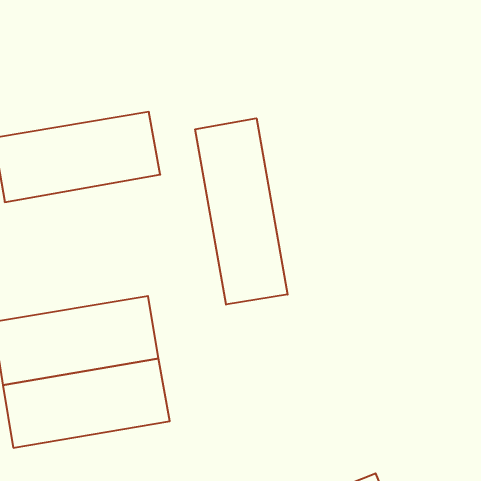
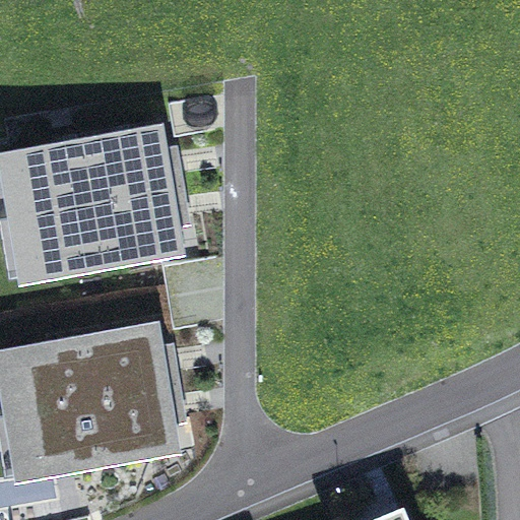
building: [195,118,288,305] -> none
building: none -> [5,191,183,287]

